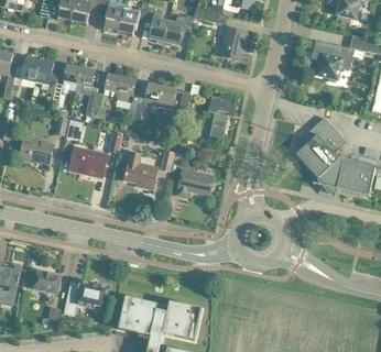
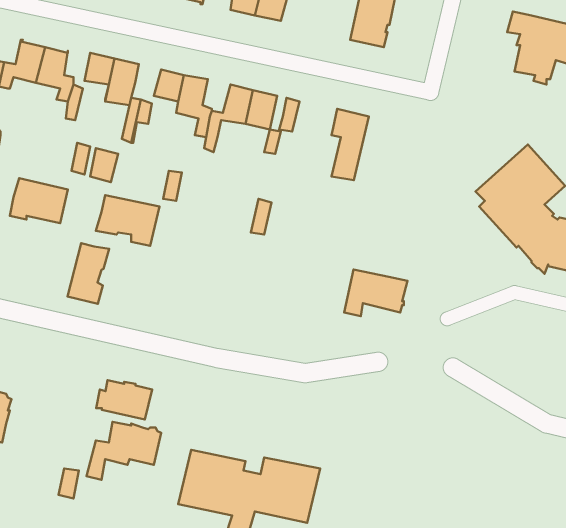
building: [124,151,157,189] -> none
building: [177,169,215,197] -> [344,269,408,316]
building: none -> [67,243,109,304]
building: [29,271,62,294] -> [96,380,152,419]

